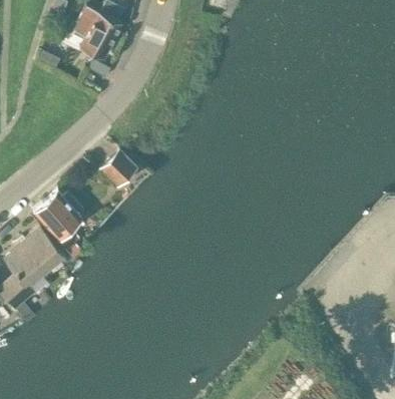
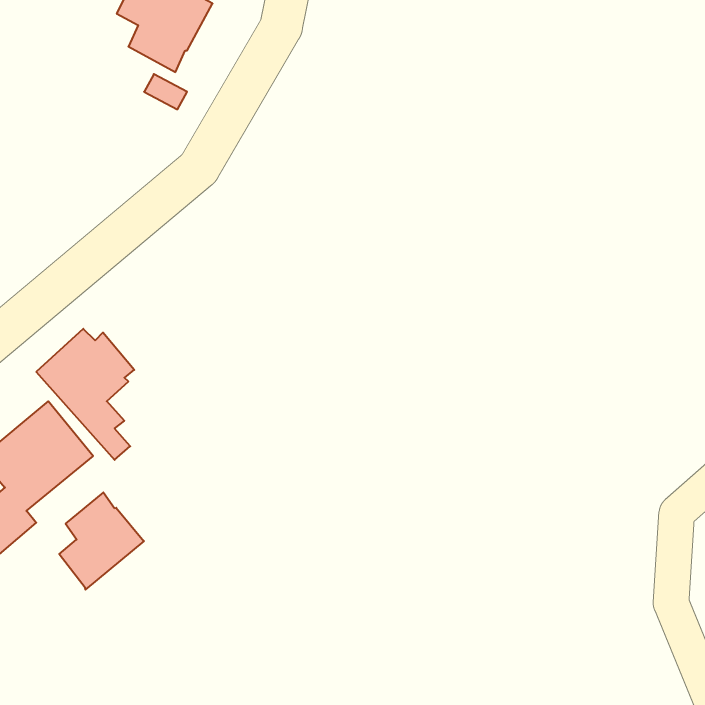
building: [99,149,136,186] -> none
building: none -> [59,492,144,590]

